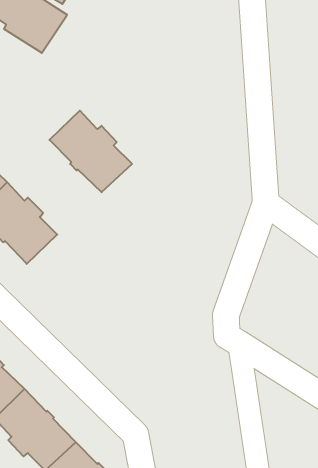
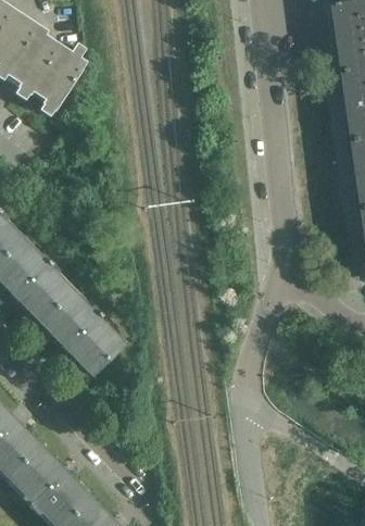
building: [49,111,132,192] -> [38,290,121,372]

